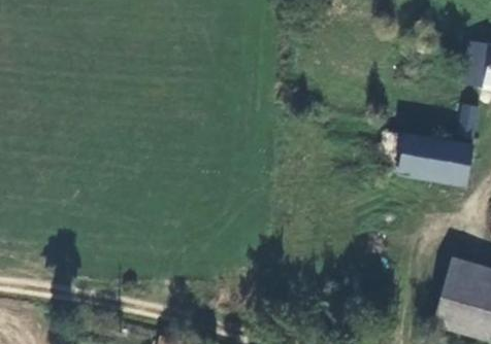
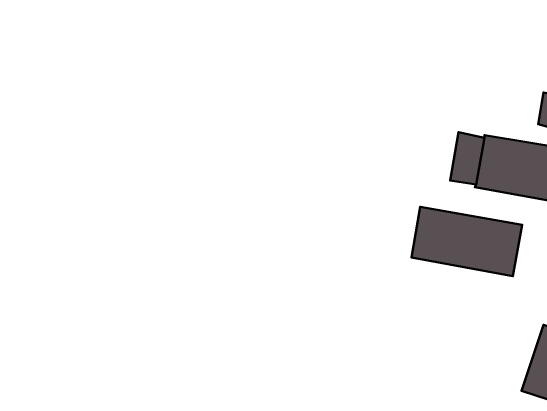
building: none -> [411,207,522,276]

